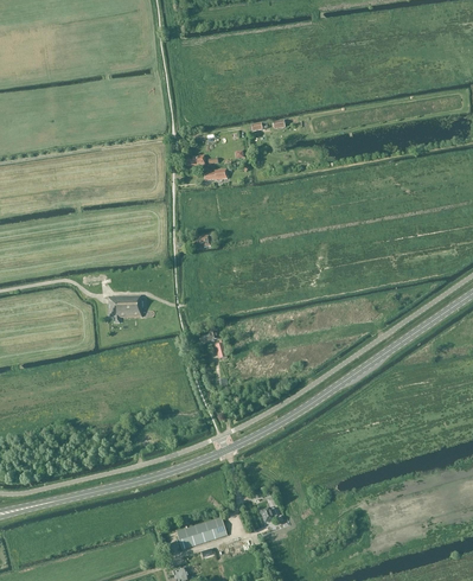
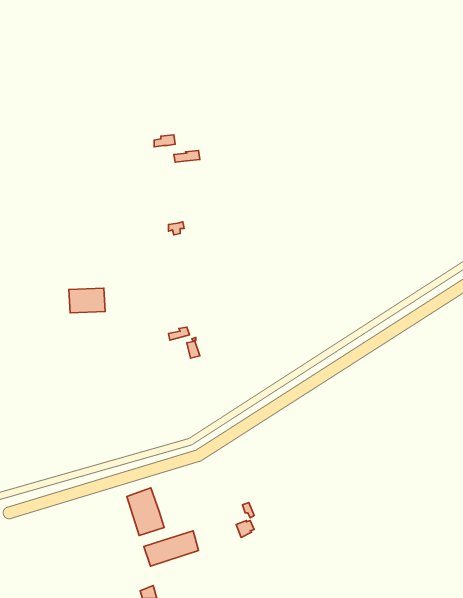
building: none -> [127,488,164,535]

